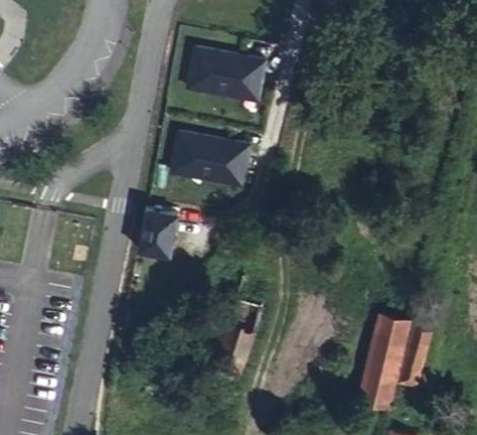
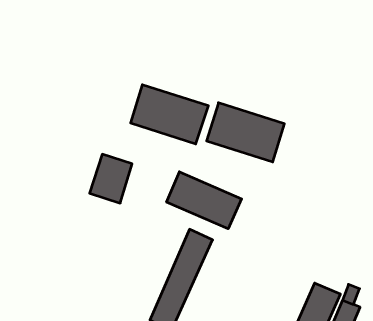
building: [185,45,264,100] -> [207,103,284,162]
building: none -> [167,172,242,229]

